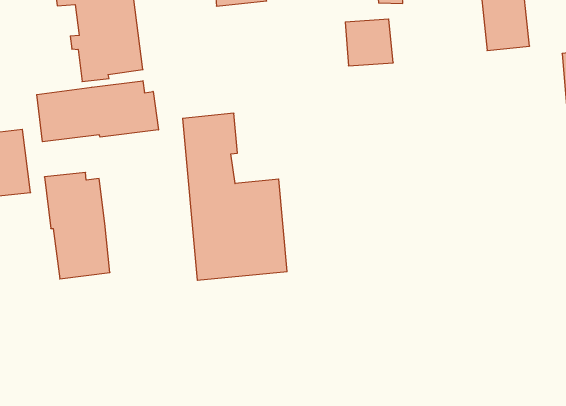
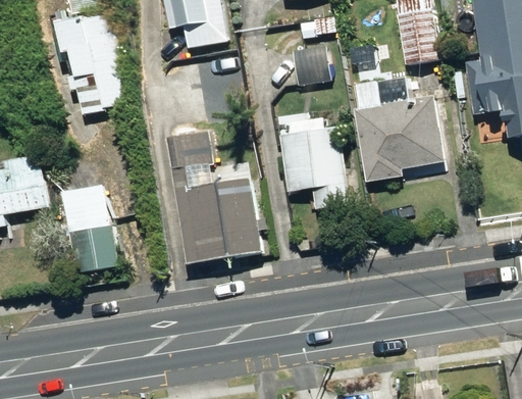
building: none -> [356,81,447,182]
building: [37,81,158,142] -> none
building: none -> [280,128,351,208]

